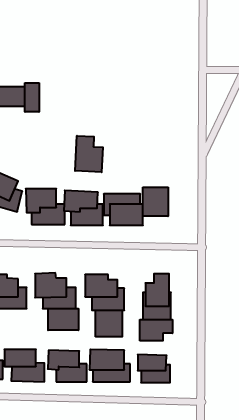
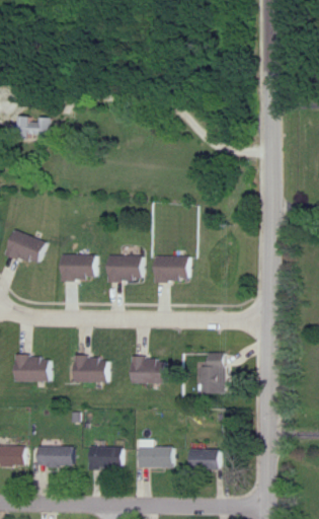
building: [25,83,39,112] -> none
building: [75,136,103,172] -> none
building: [143,187,168,216] -> none
building: [48,309,78,330] -> none
building: [96,310,122,337] -> none
building: [140,320,172,341] -> none

